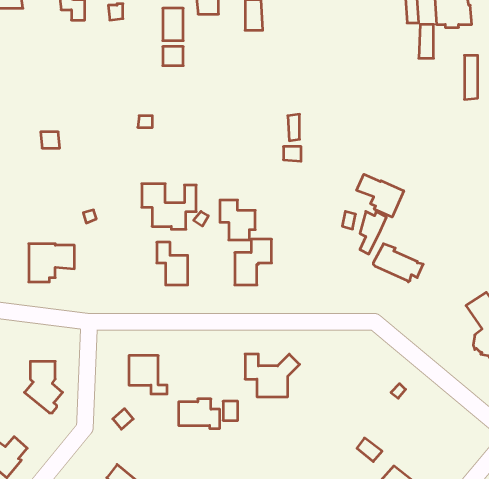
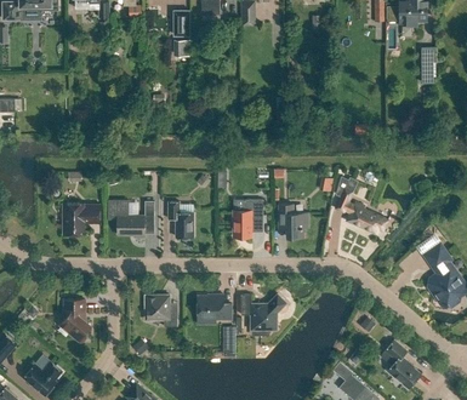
building: [357,174,404,217] -> none
building: [142,184,196,229] -> [109,199,154,236]
building: [220,200,255,240] -> [279,204,308,236]
building: [179,399,220,428] -> [198,295,232,319]
building: none -> [386,339,421,388]

